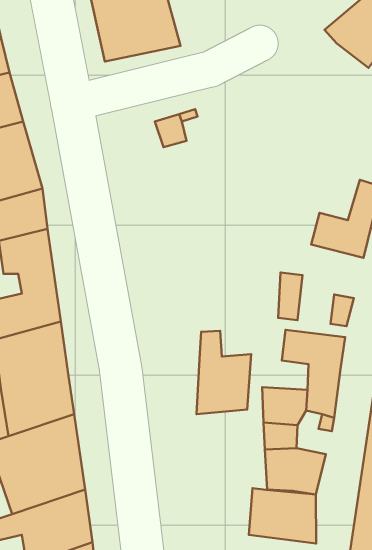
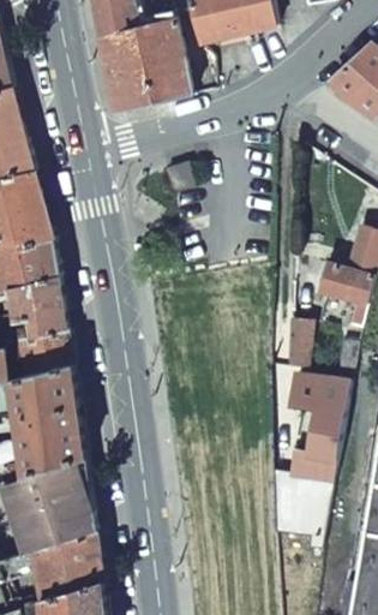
building: [197,331,251,414] -> none
building: [249,488,316,543] -> none

